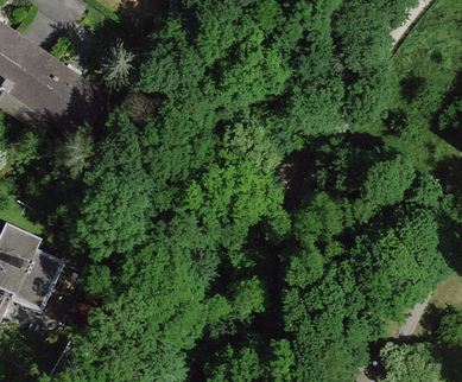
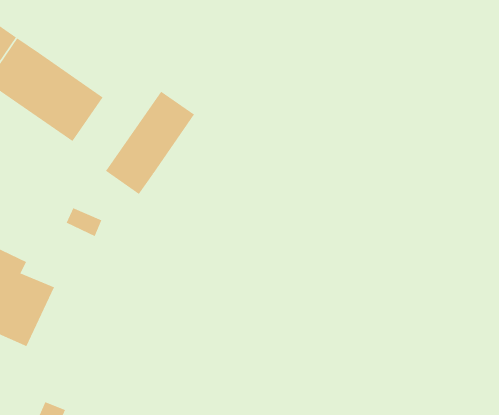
building: none -> [105,91,195,195]

